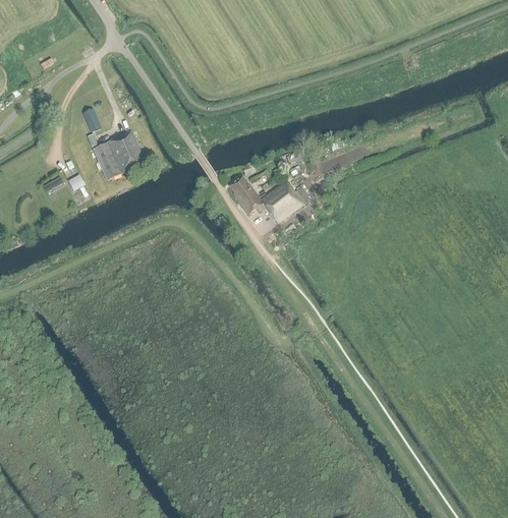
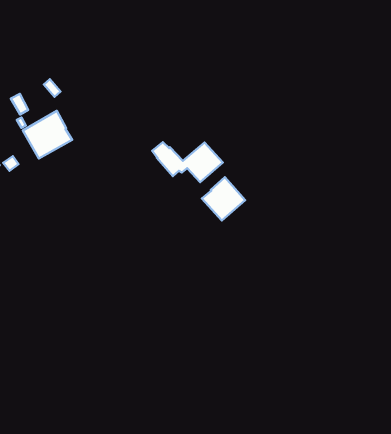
building: none -> [202,177,245,221]

